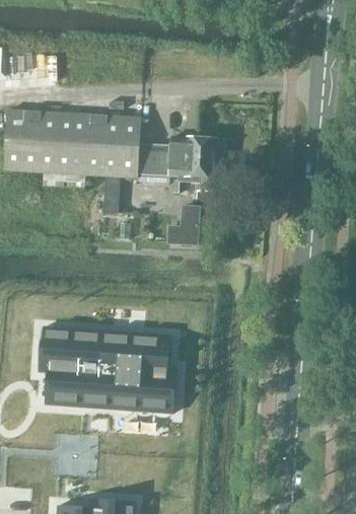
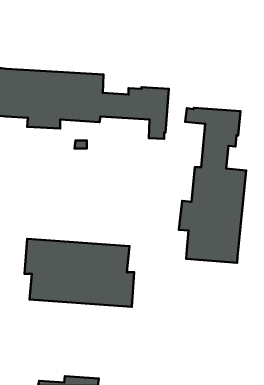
building: none -> [179,108,246,263]
building: [169,205,200,244] -> none

